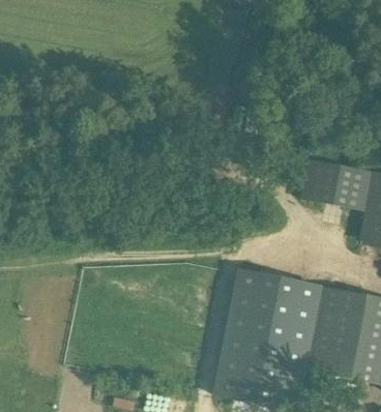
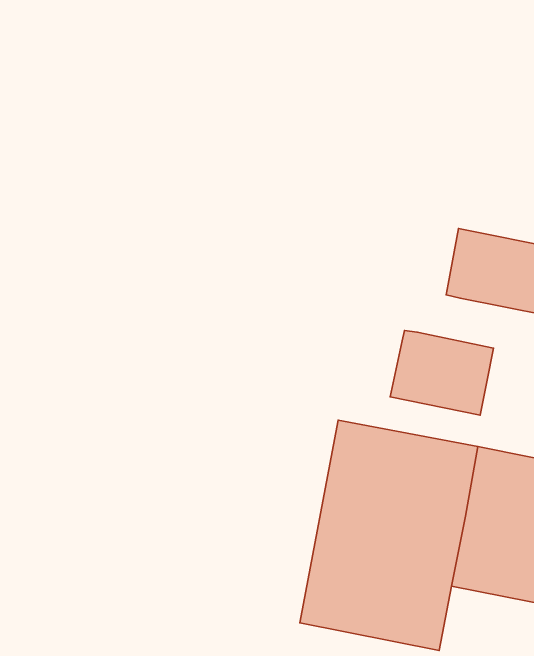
building: none -> [390,330,493,415]

